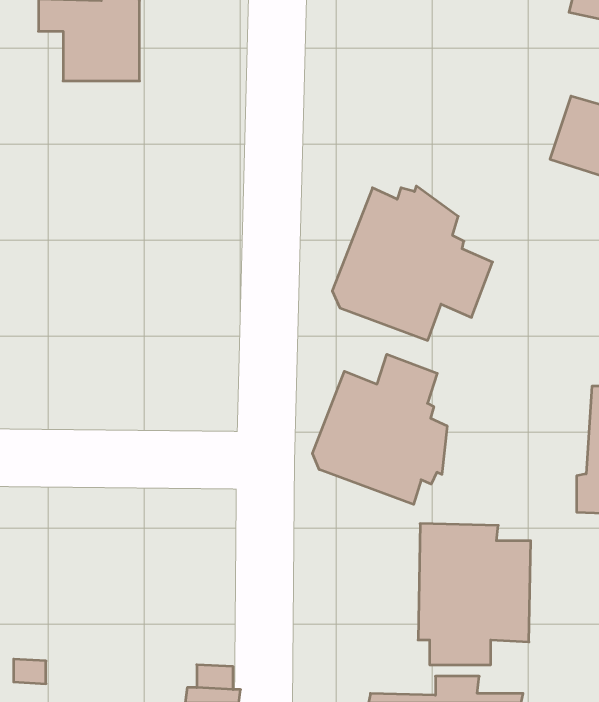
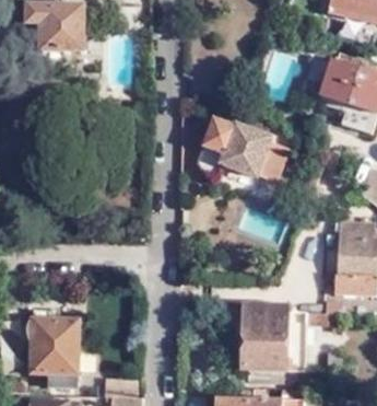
building: [312,354,447,504] -> none
building: none -> [32,317,79,386]

